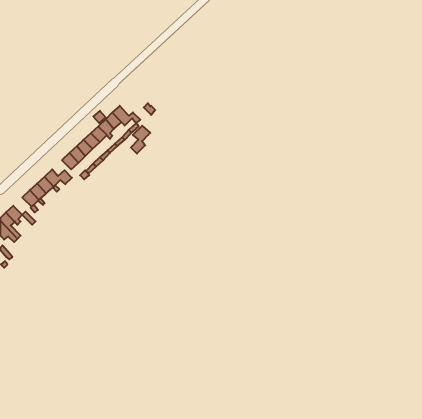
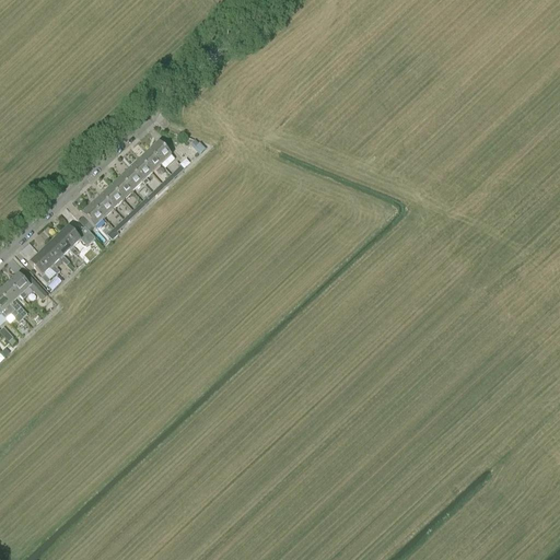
building: [131,126,150,154] -> none

